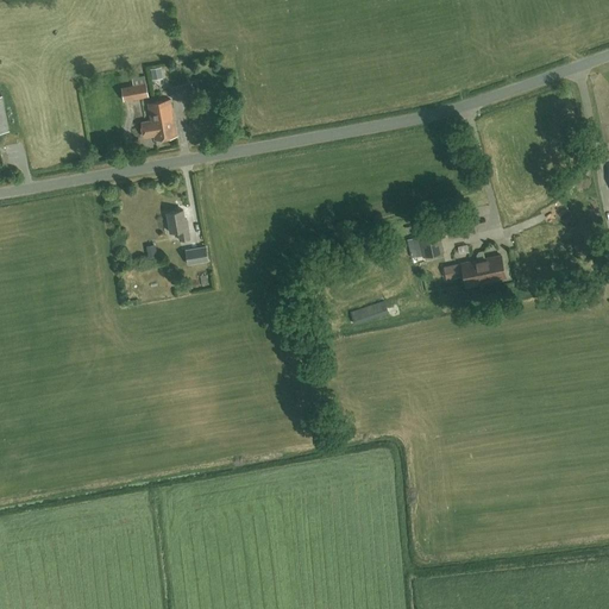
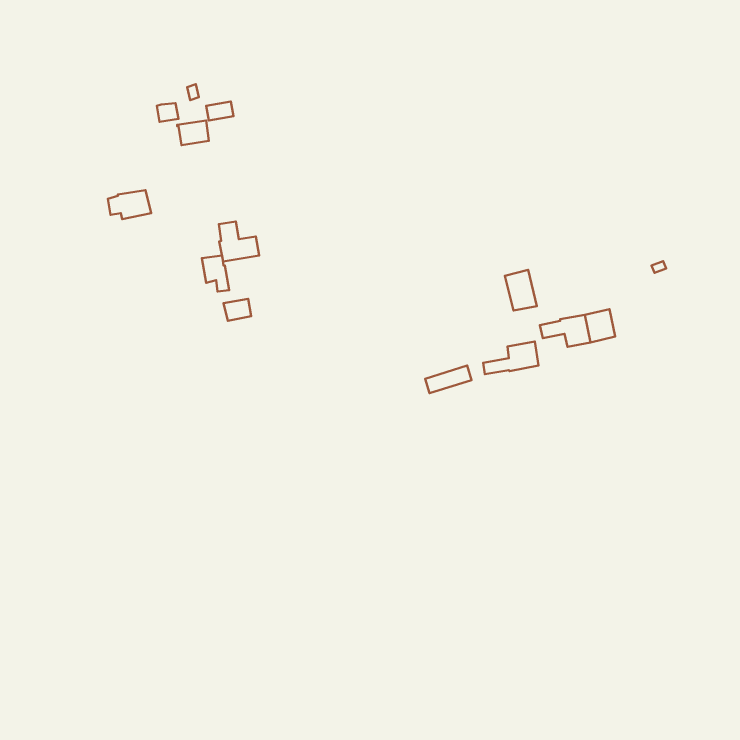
building: [140,117,176,140] -> [108,190,151,219]
building: none -> [219,221,259,261]
building: none -> [483,341,539,374]

